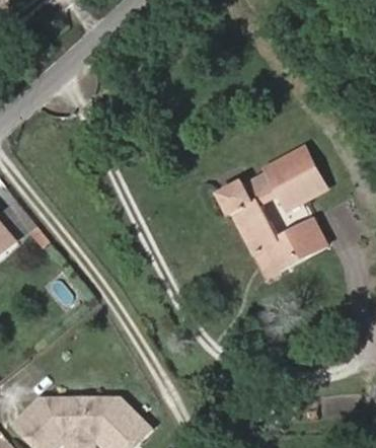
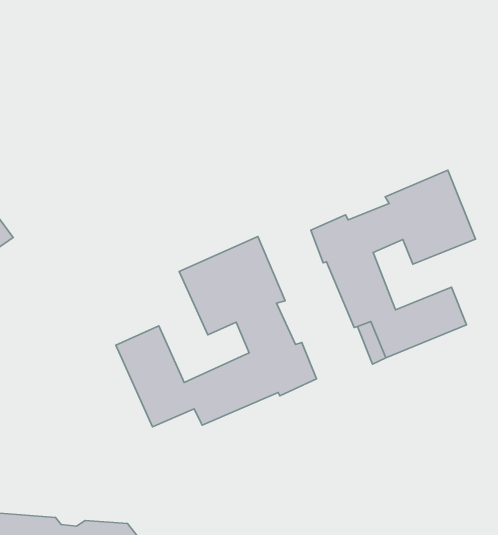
building: none -> [116,236,316,427]

